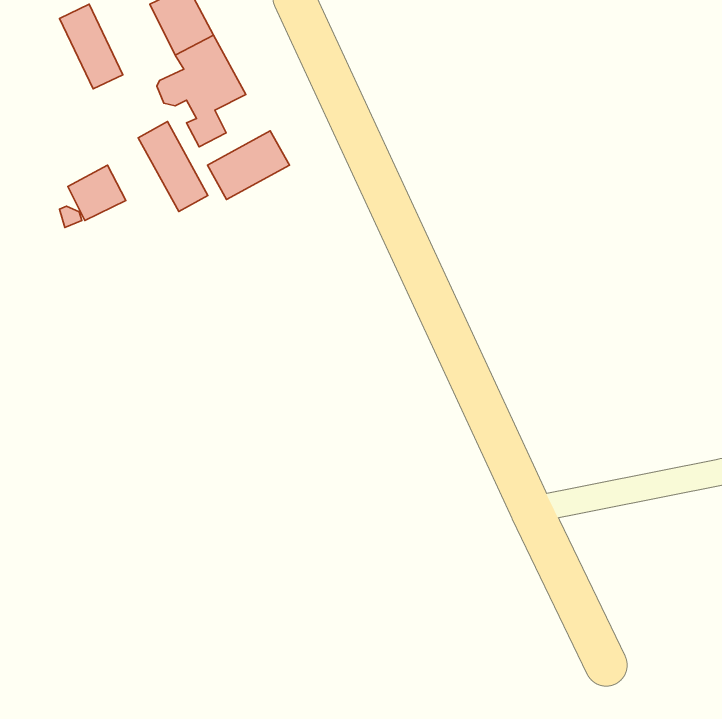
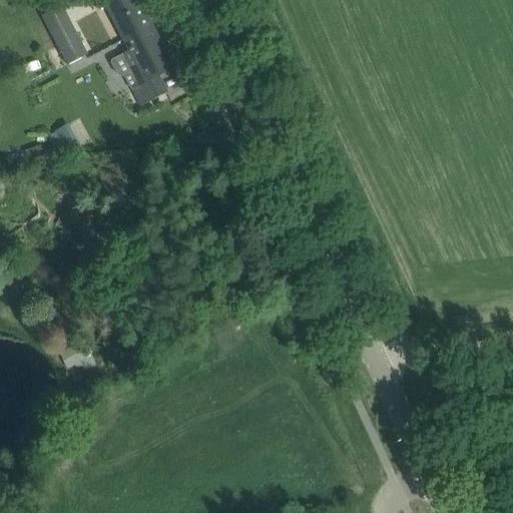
building: [138,122,208,212] -> none
building: [208,131,289,200] -> none

